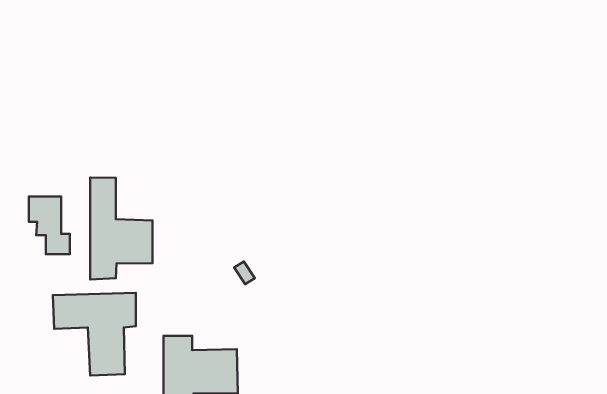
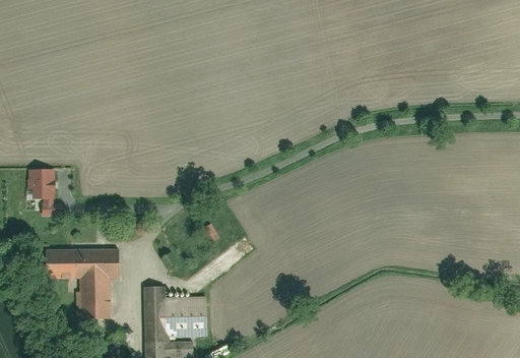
building: [90,178,153,279] -> none

